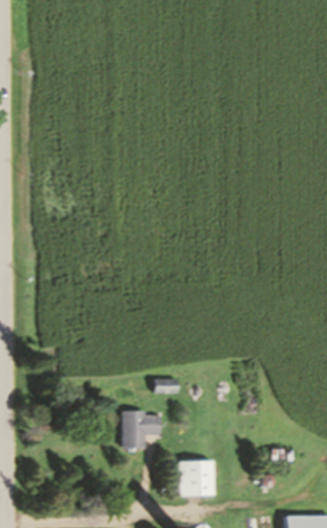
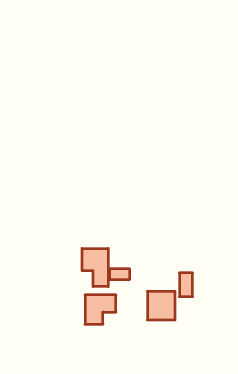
building: none -> [82,248,108,287]
building: [178,460,214,496] -> [147,291,175,320]

